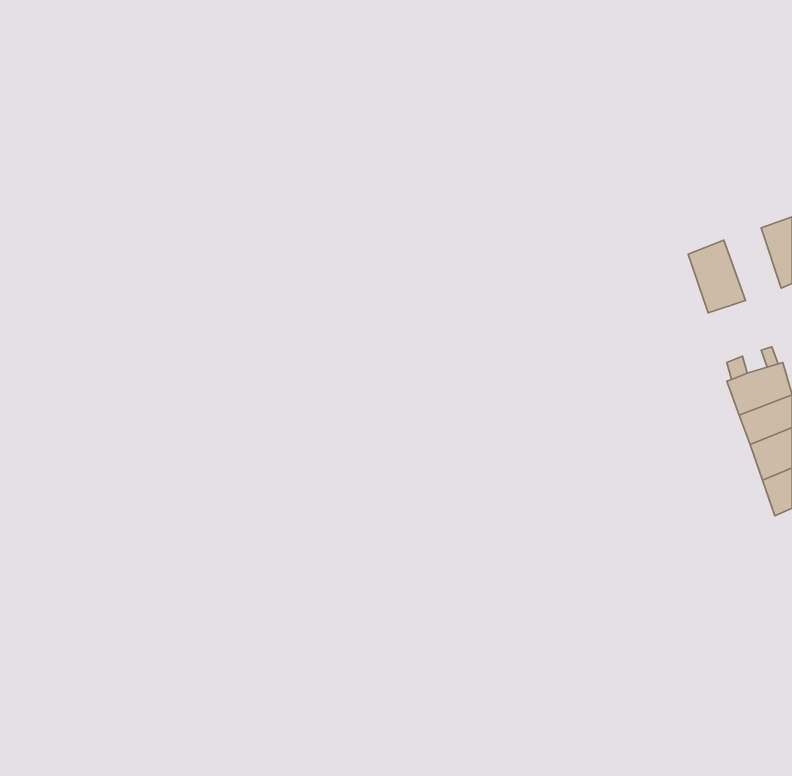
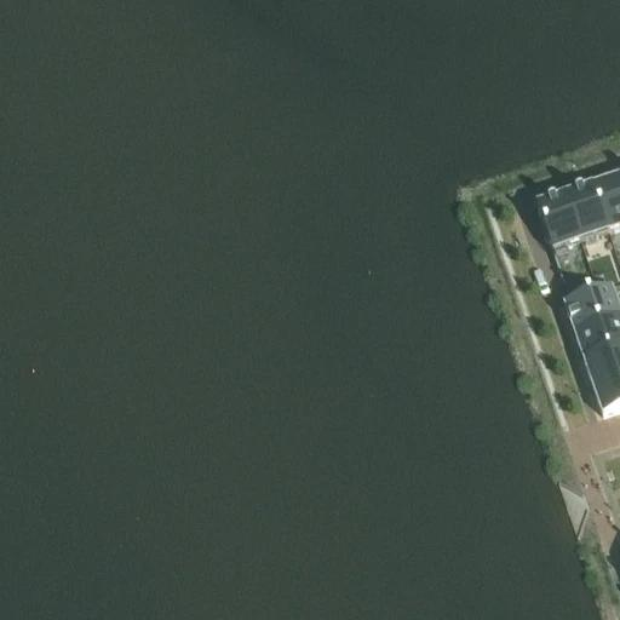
building: none -> [566,178,610,235]

